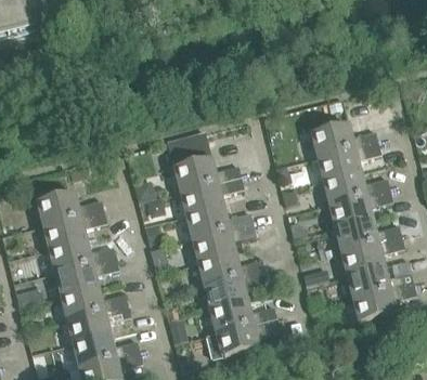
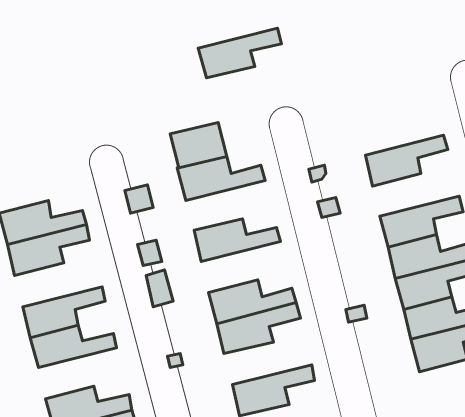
building: [310,120,376,154] -> none
building: [322,168,388,200] -> none
building: [179,173,243,211] -> [198,28,282,78]
building: [191,220,255,259] -> none
building: [48,236,115,270] -> none
building: [208,297,275,329] -> none
building: [66,301,129,340] -> none

